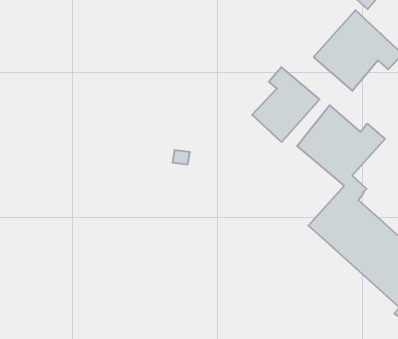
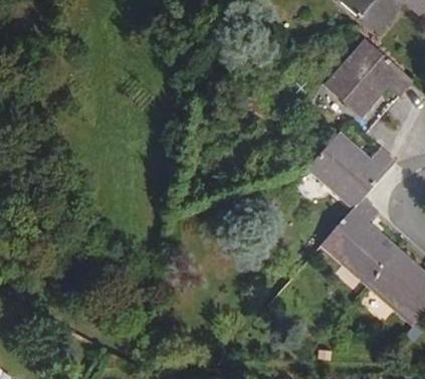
building: [252,67,320,142] -> none

